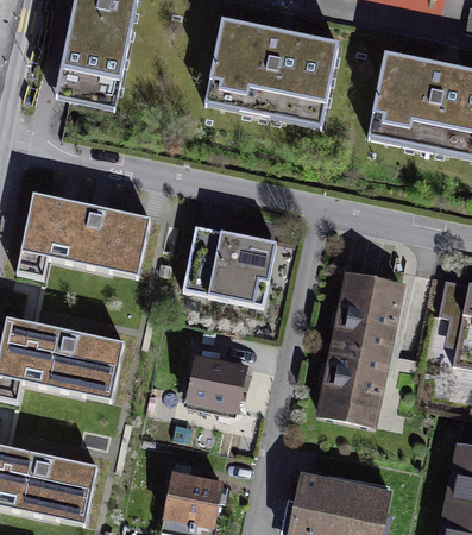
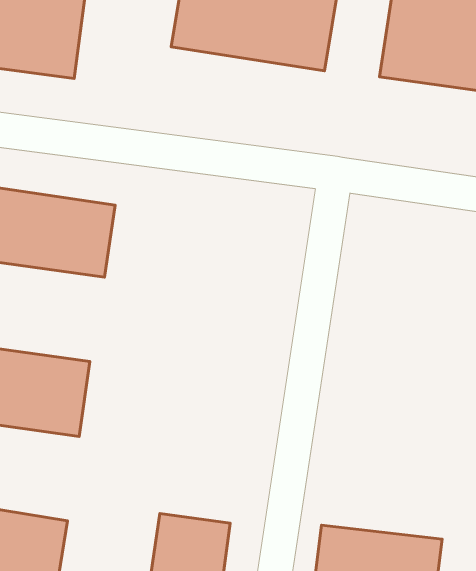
building: [183,226,275,301] -> none
building: [317,276,404,435] -> none
building: [183,363,244,402] -> none

